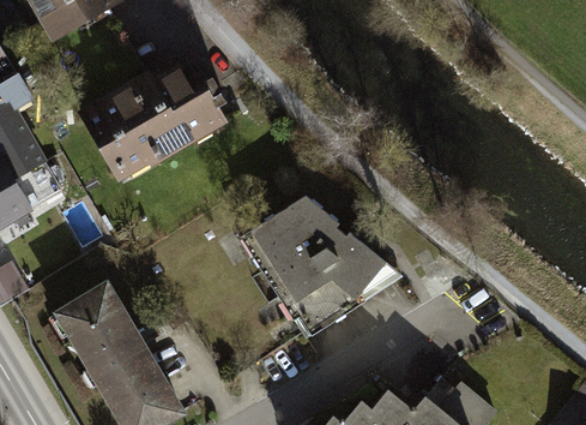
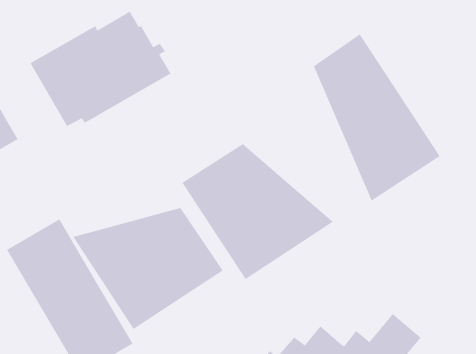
building: none -> [313,34,441,201]
building: none -> [73,207,223,330]

